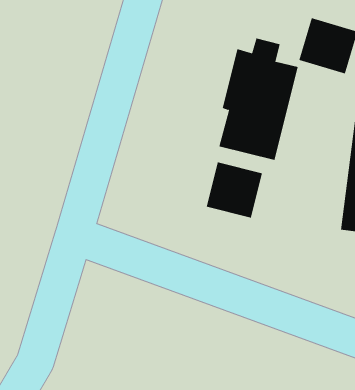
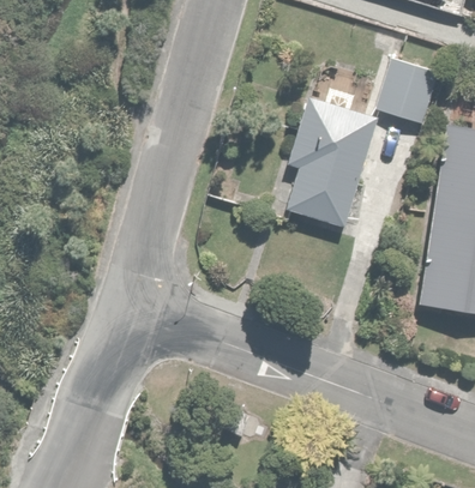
building: [206,162,262,218] -> none

